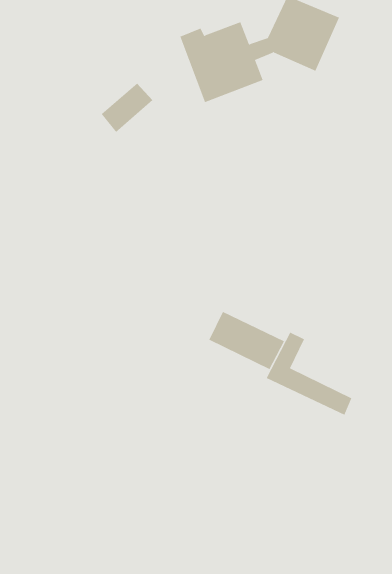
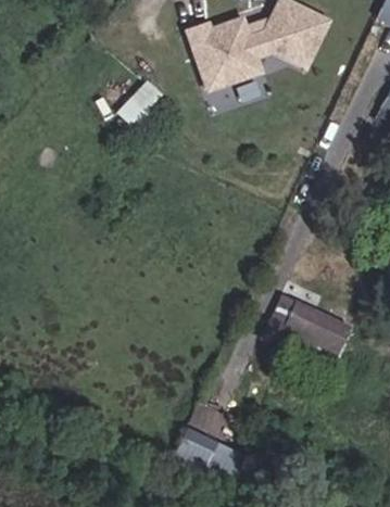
building: [209,311,285,370] -> [285,296,351,347]
building: none -> [177,420,240,469]

